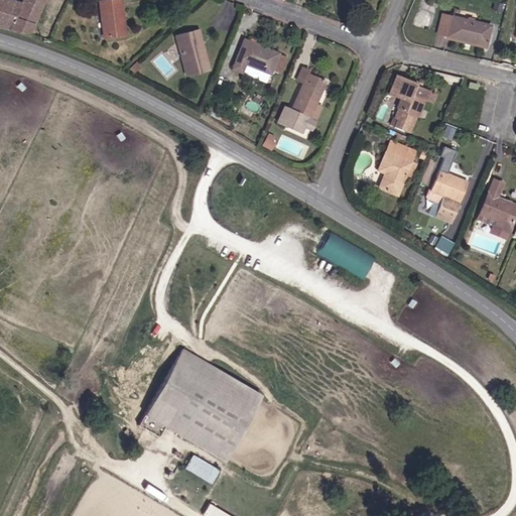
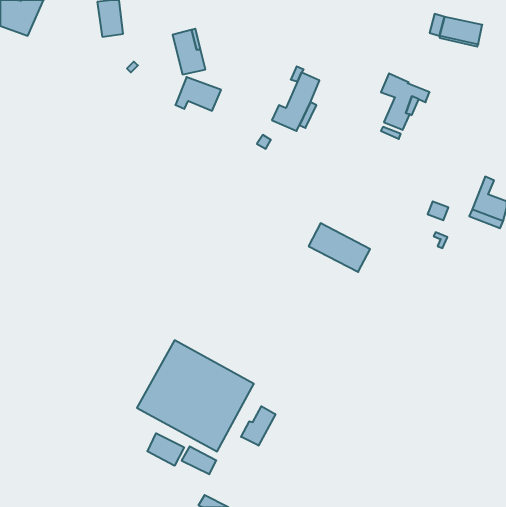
building: [233,40,279,75] -> [175,77,221,111]
building: [378,141,416,196] -> none
building: [426,157,469,204] -> none
building: none -> [241,406,275,446]
building: none -> [147,433,184,466]

